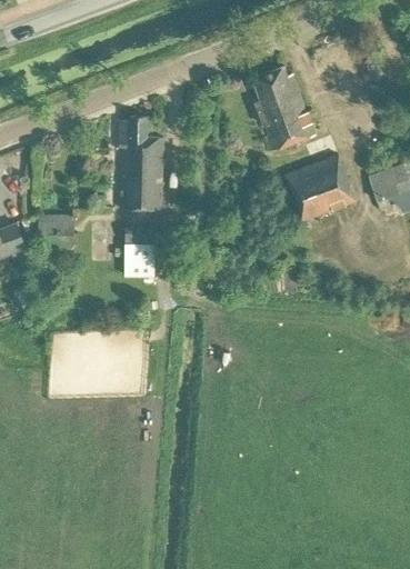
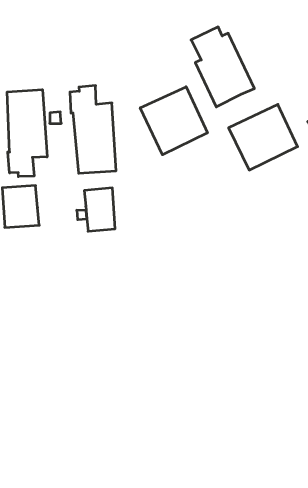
building: none -> [7,90,47,177]
building: none -> [140,87,207,155]

